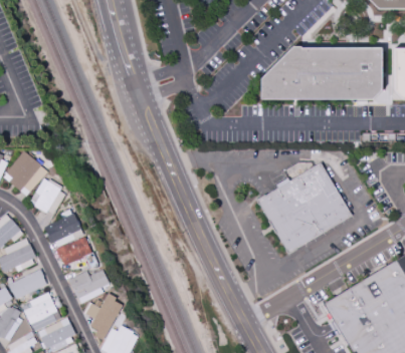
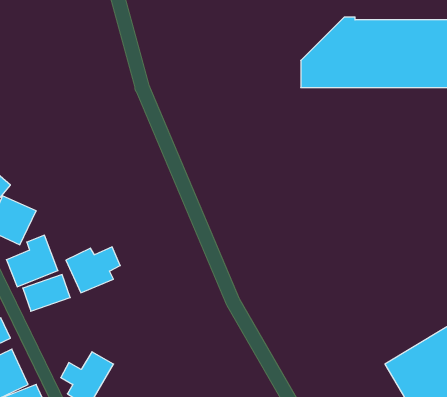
building: [256,161,353,255] -> none
building: [68,269,109,303] -> [66,247,120,293]

